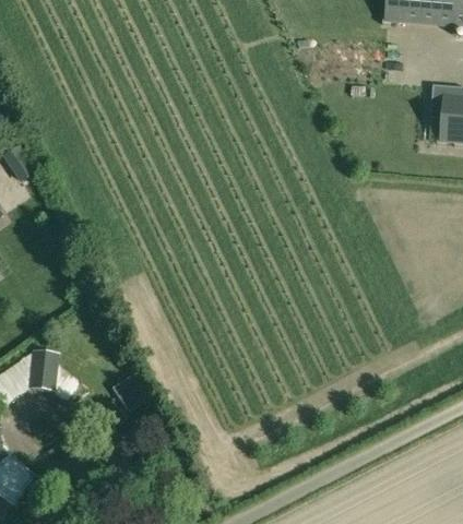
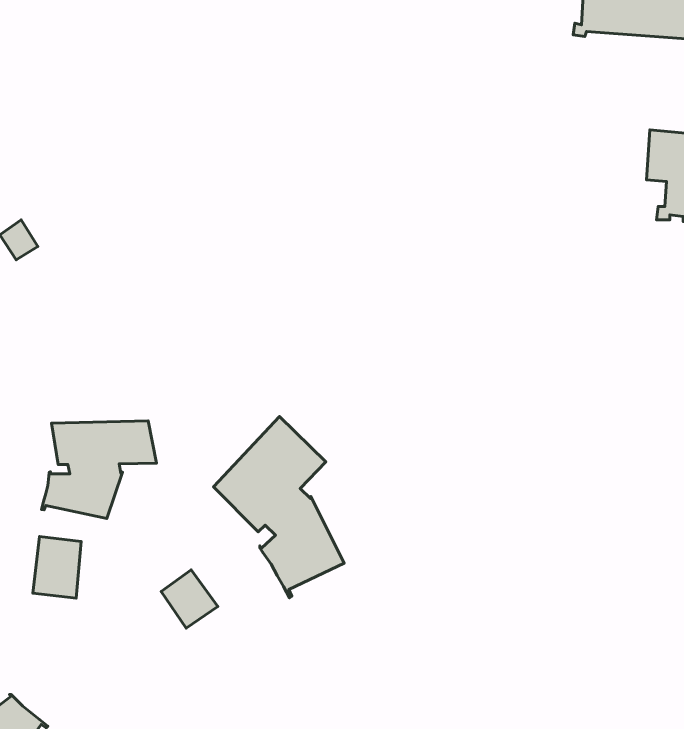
building: none -> [214,417,344,598]
building: none -> [41,421,156,518]

